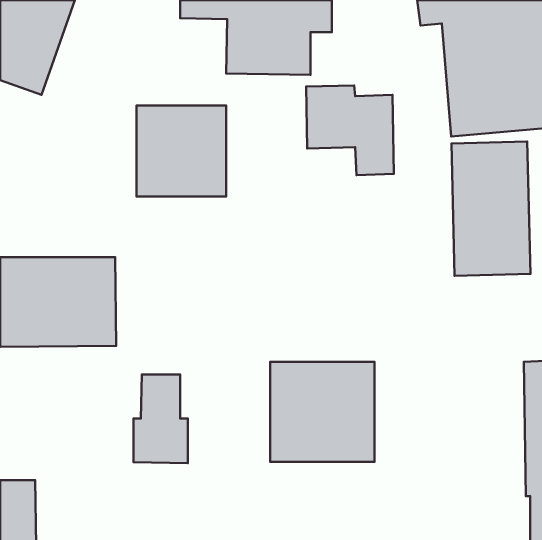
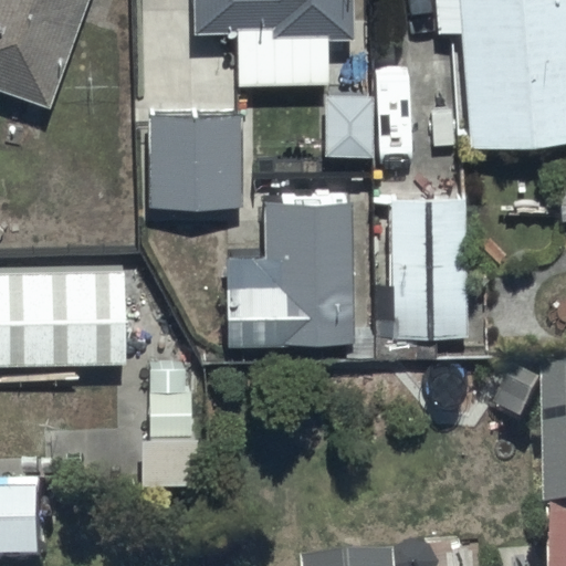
building: [451,141,530,276] -> [387,200,469,339]
building: none -> [227,199,352,343]
building: [270,362,375,462] -> none

